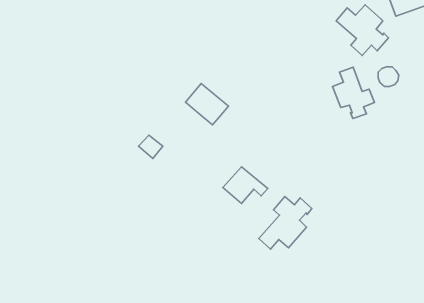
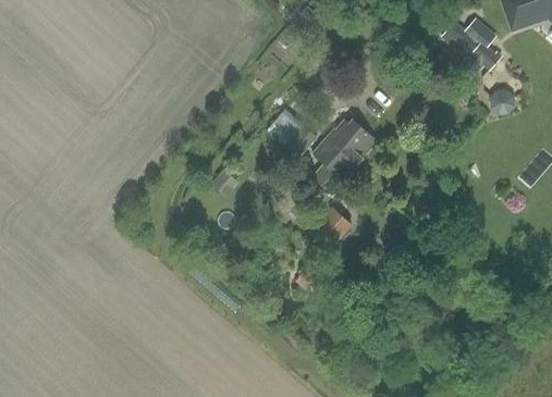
building: [333,67,374,119] -> none
building: none -> [316,120,379,181]
building: [259,197,312,249] -> none

